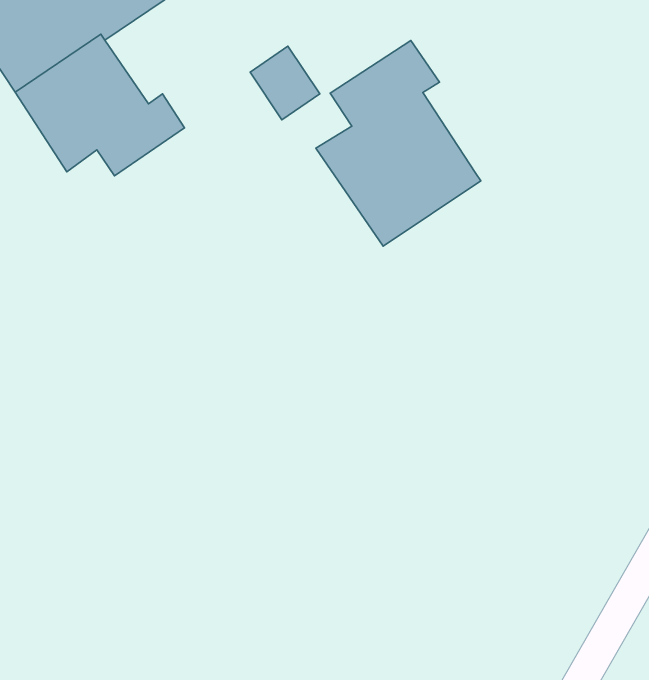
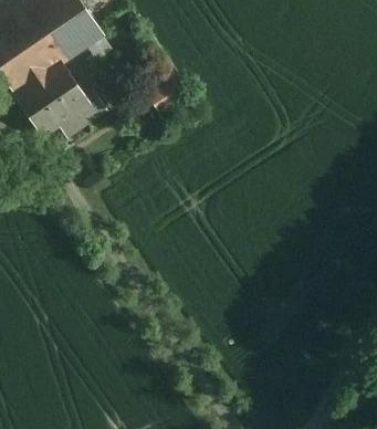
building: [316,40,481,246] -> none

